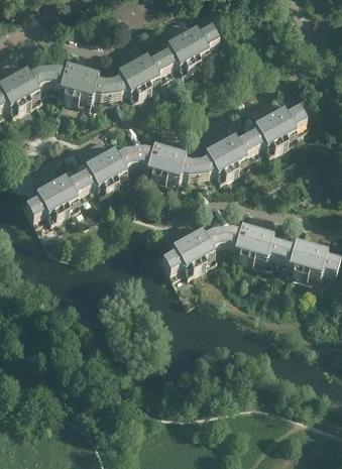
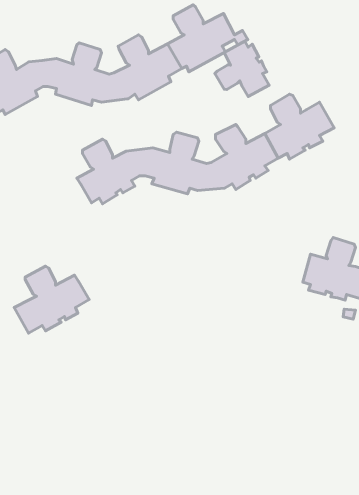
building: none -> [215,41,269,97]
building: [22,165,90,226] -> [14,266,89,333]
building: [159,212,288,279] -> none

